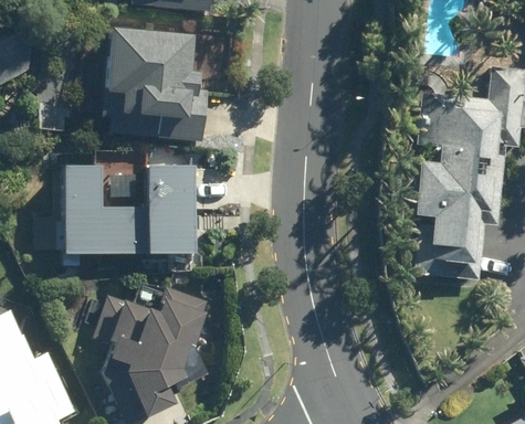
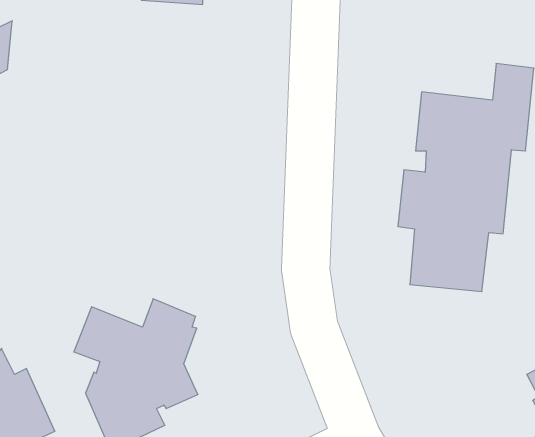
building: [102,28,206,140] -> none
building: [61,165,197,253] -> none

